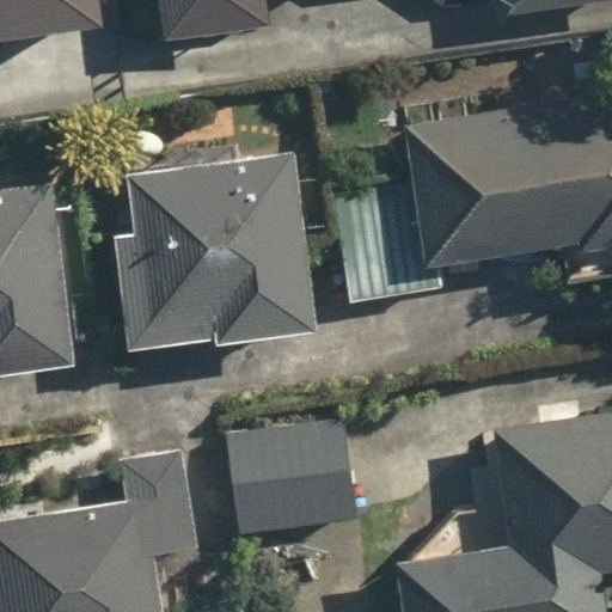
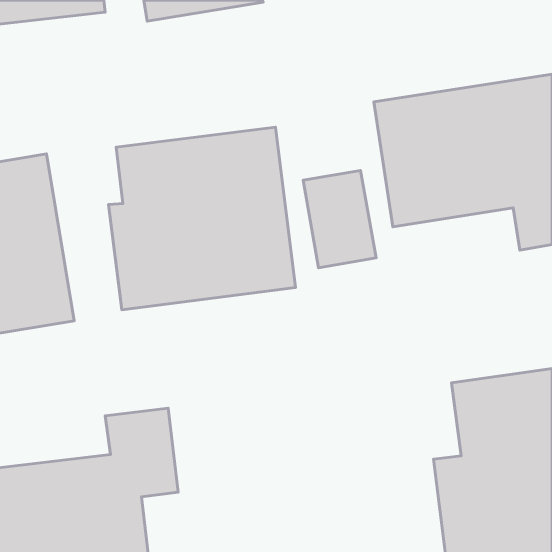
building: [224,420,365,573] -> none

